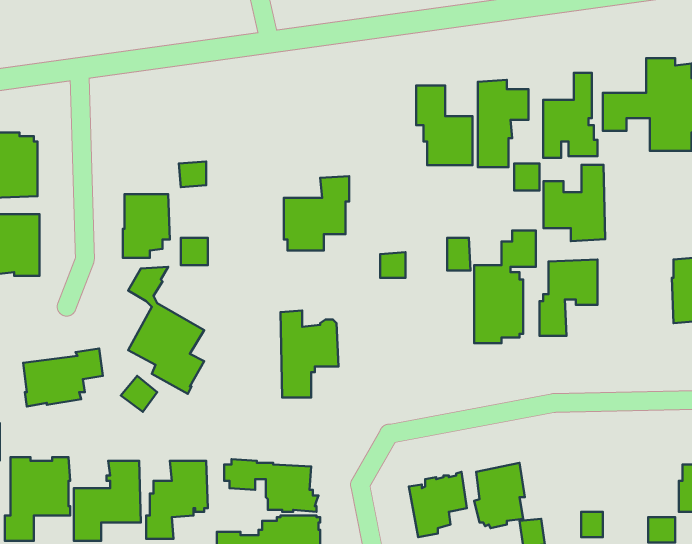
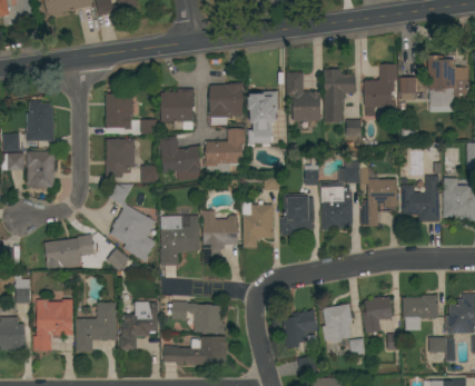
building: none -> [209,82,244,125]
building: none -> [161,89,194,129]
building: none -> [248,91,278,143]
building: none -> [106,95,132,129]
building: [544,165,605,241] -> [402,176,439,222]
building: none -> [159,136,201,181]
building: none -> [280,195,314,236]
building: none -> [243,201,274,248]
building: none -> [160,216,200,266]
building: none -> [403,295,438,331]
building: none -> [363,297,393,334]

